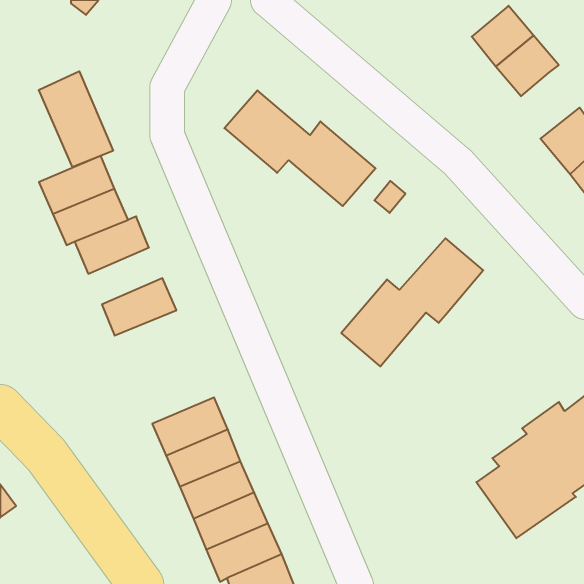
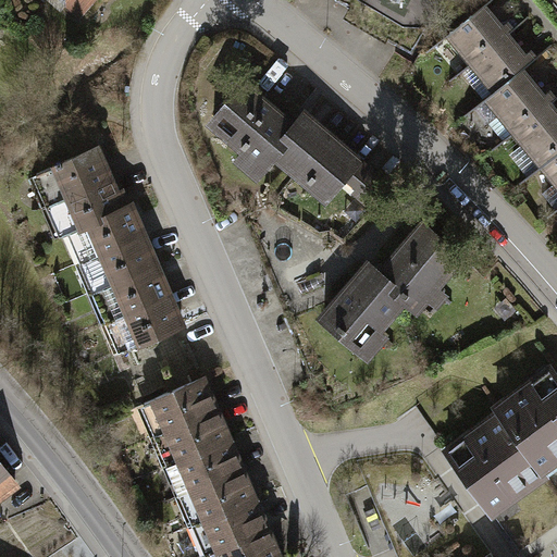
building: [39,71,113,167] -> none
building: none -> [487,70,552,141]
building: none -> [85,236,156,290]
building: none -> [110,296,182,351]

